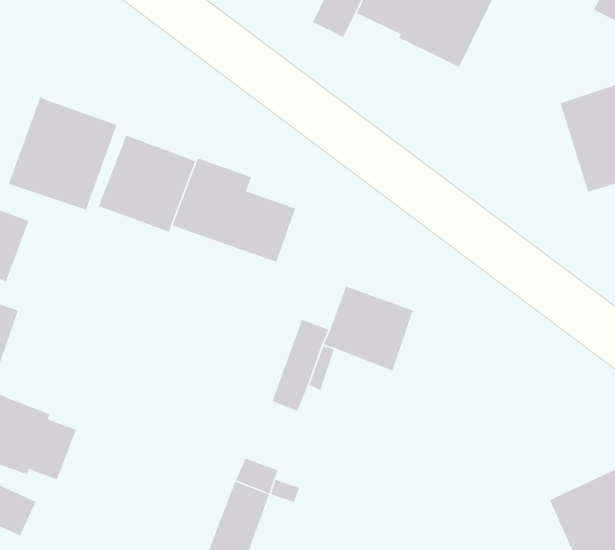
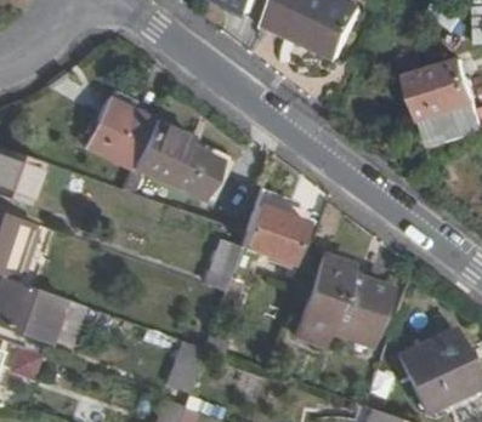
building: [8,96,118,211] -> none
building: none -> [299,252,391,357]

